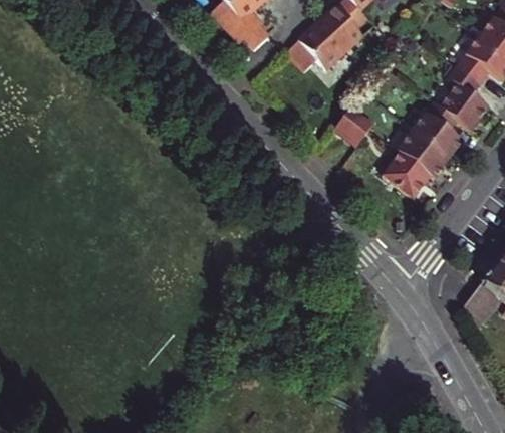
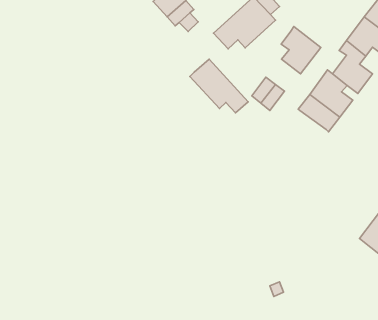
building: none -> [281,27,321,74]
building: none -> [190,59,248,113]
building: [377,149,427,195] -> none

